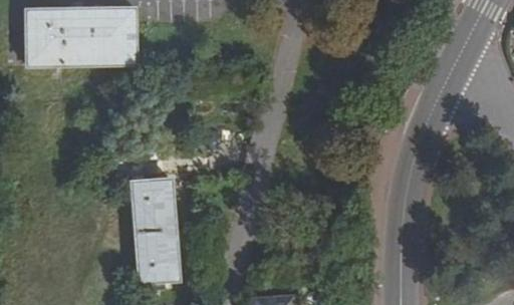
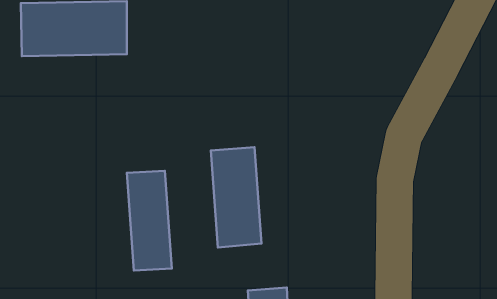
building: none -> [211,147,261,247]

